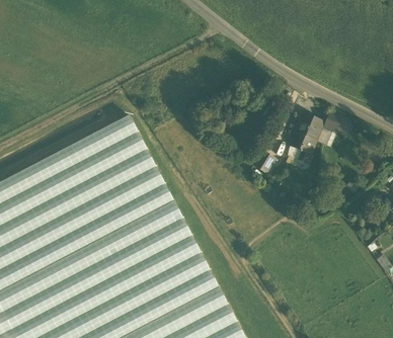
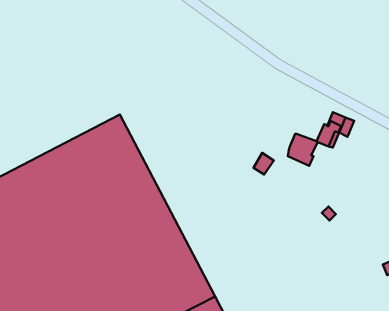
building: [298,118,324,144] -> none

